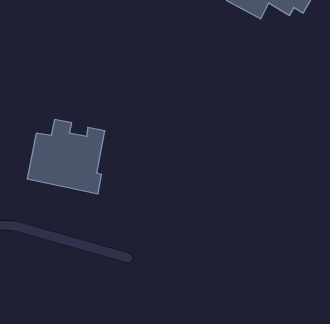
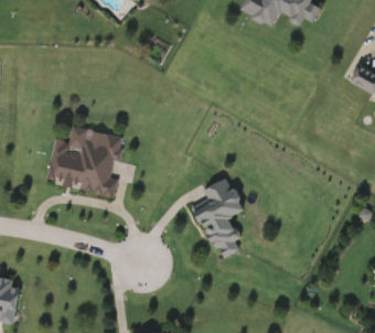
building: none -> [192,176,243,259]

